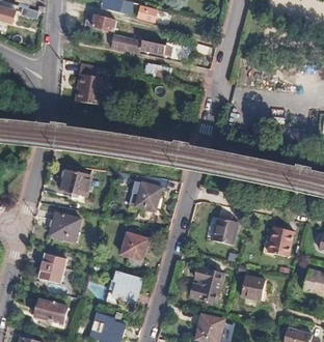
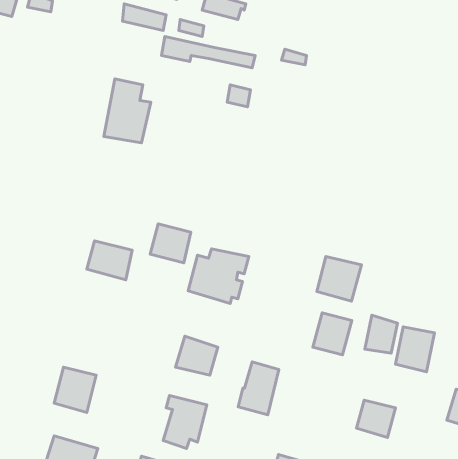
building: none -> [150,224,191,263]
building: none -> [317,257,362,301]
building: [51,211,81,239] -> none
building: none -> [365,315,398,353]
building: [195,267,222,303] -> [238,362,279,415]

